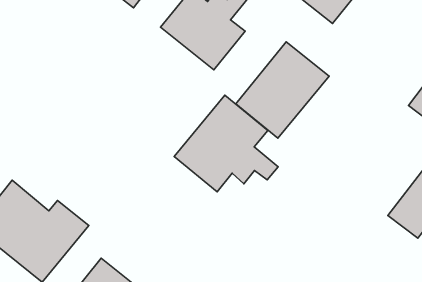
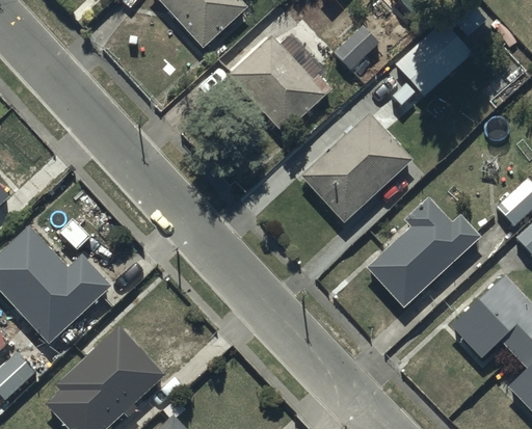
building: [174,95,278,192] -> none
building: none -> [366,196,481,307]

